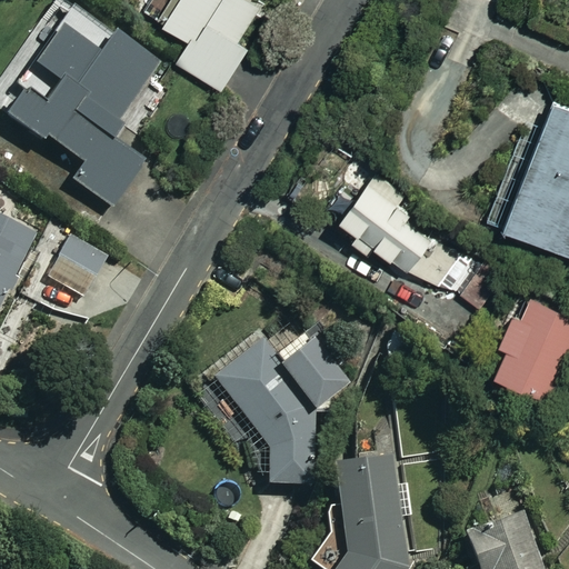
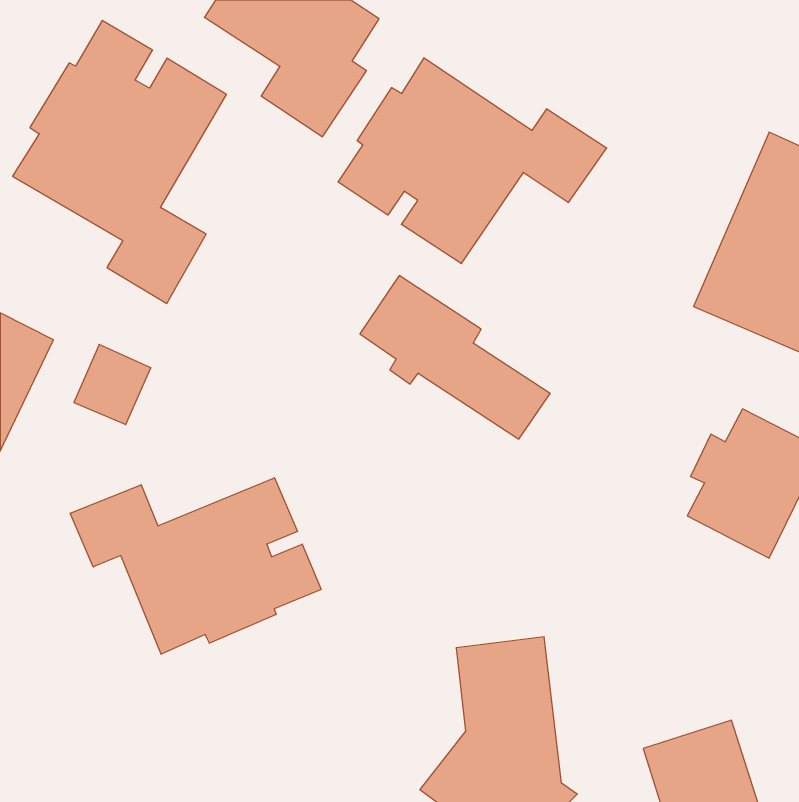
building: none -> [338,58,607,264]
building: [329,172,463,288] -> [360,276,550,439]
building: [214,335,342,482] -> none
building: none -> [70,478,321,654]

